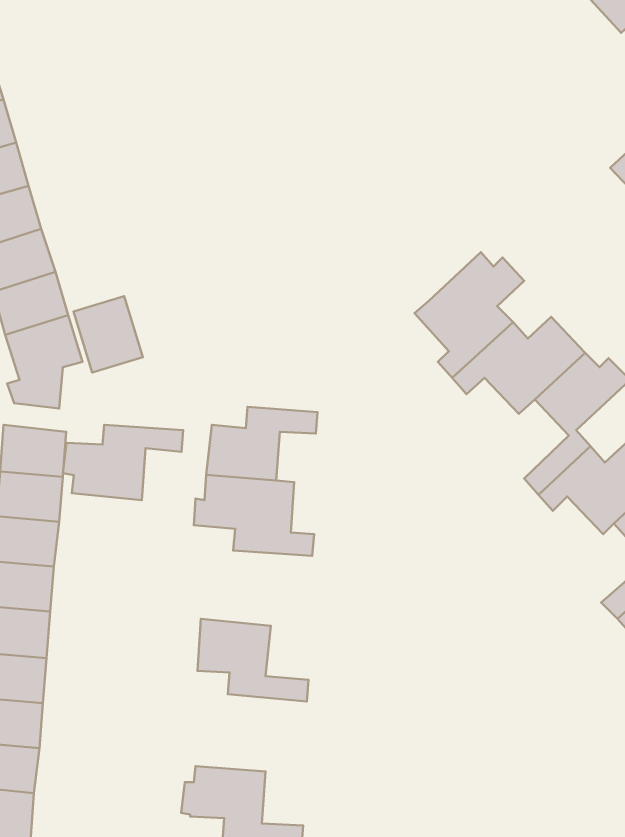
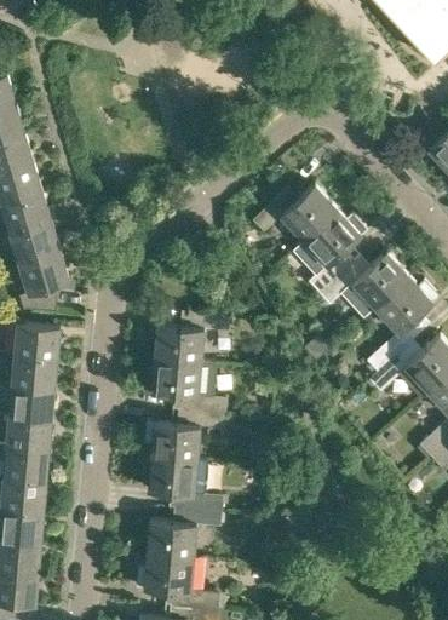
building: none -> [253,184,339,241]
building: [73,296,143,372] -> none
building: [63,425,183,500] -> [144,409,225,460]
building: none -> [147,506,222,558]

